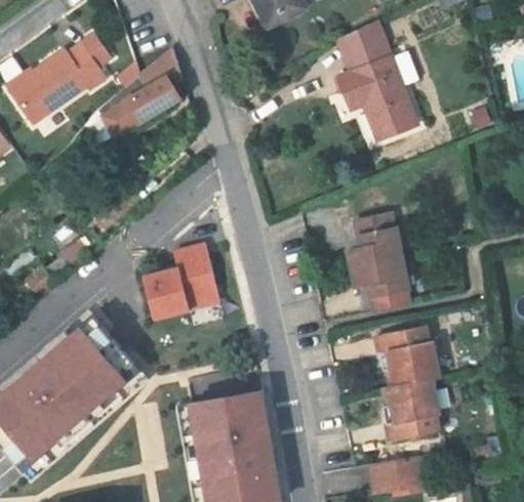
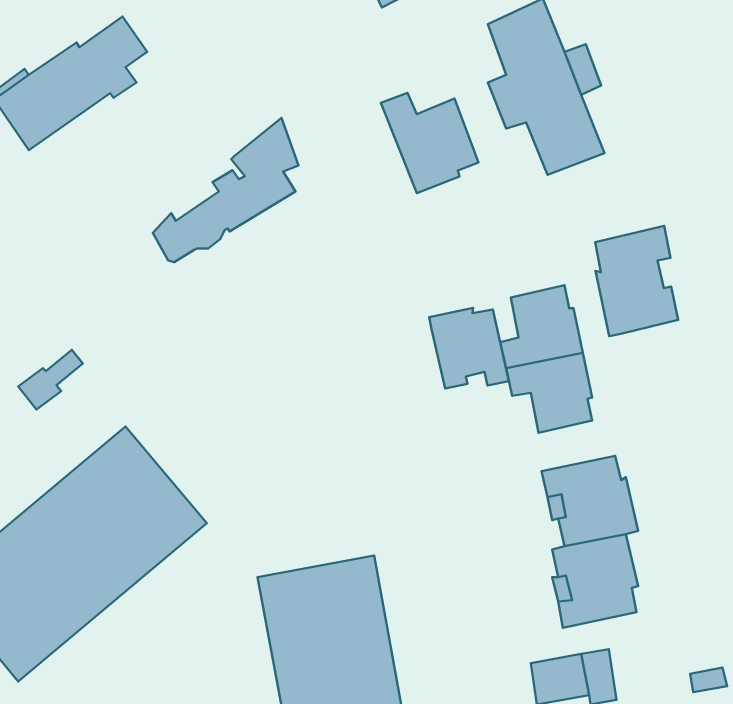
building: [85,48,183,144] -> [153,118,299,262]
building: none -> [381,93,479,193]
building: none -> [595,226,678,336]
building: none -> [429,308,509,389]
building: [140,245,219,313] -> none

